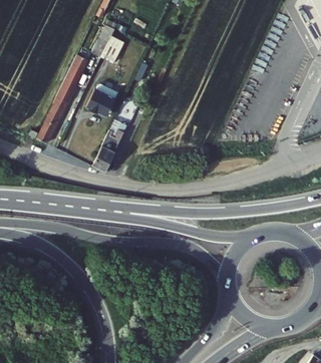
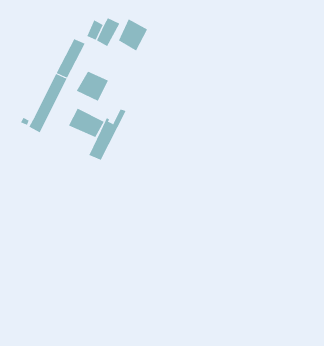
building: none -> [118,19,148,51]
building: none -> [68,108,105,138]

